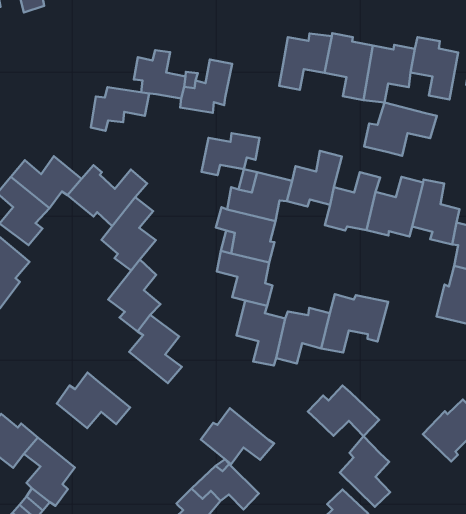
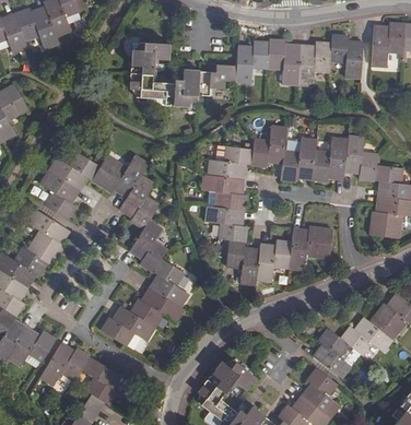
building: [91,87,149,131] -> [131,42,171,73]
building: [364,103,437,156] -> none
building: [201,133,260,175] -> [198,63,237,95]
building: [308,386,379,436] -> [340,317,392,354]
building: [201,408,274,464] -> [131,286,185,327]

